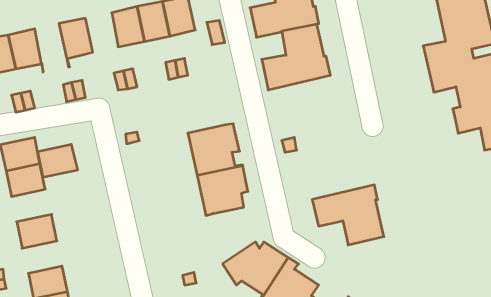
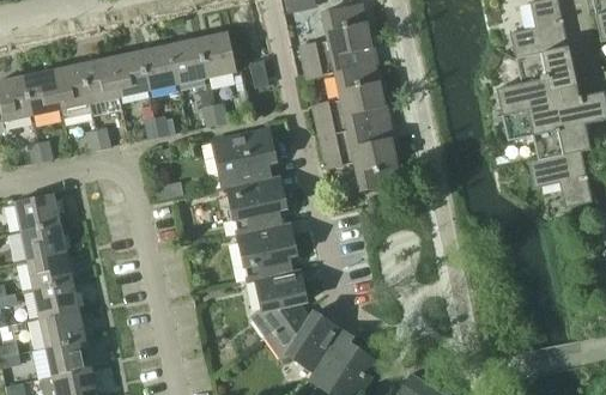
building: none -> [111,50,149,95]
building: none -> [54,62,92,117]
building: none -> [212,127,275,188]
building: [38,144,78,177] -> [28,250,73,287]
building: [312,185,384,245] -> [319,121,400,189]
building: none -> [252,269,307,335]
building: none -> [40,309,85,346]

